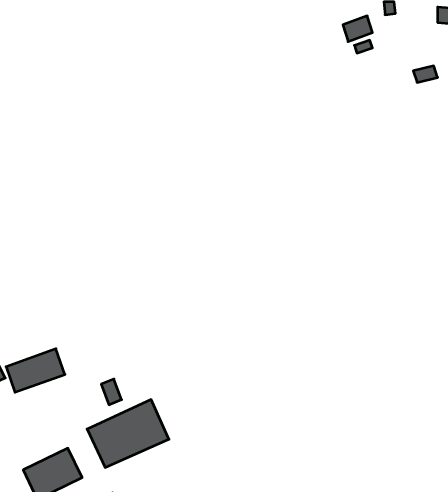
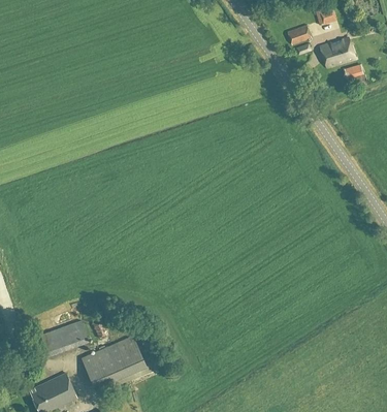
building: none -> [320,37,355,68]
building: [6,349,65,392] -> [40,321,88,356]

